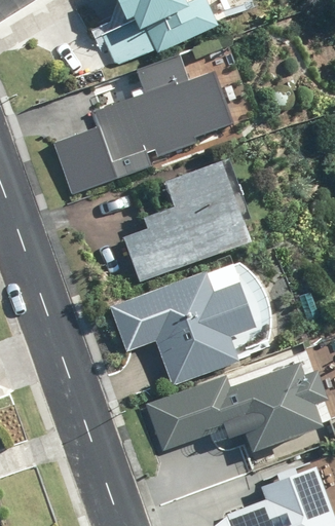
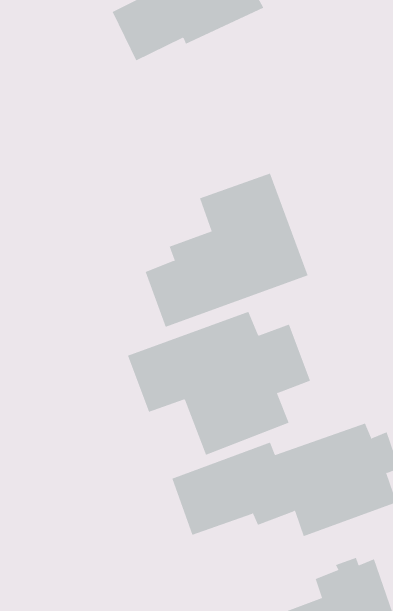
building: [48,53,230,197] -> none

